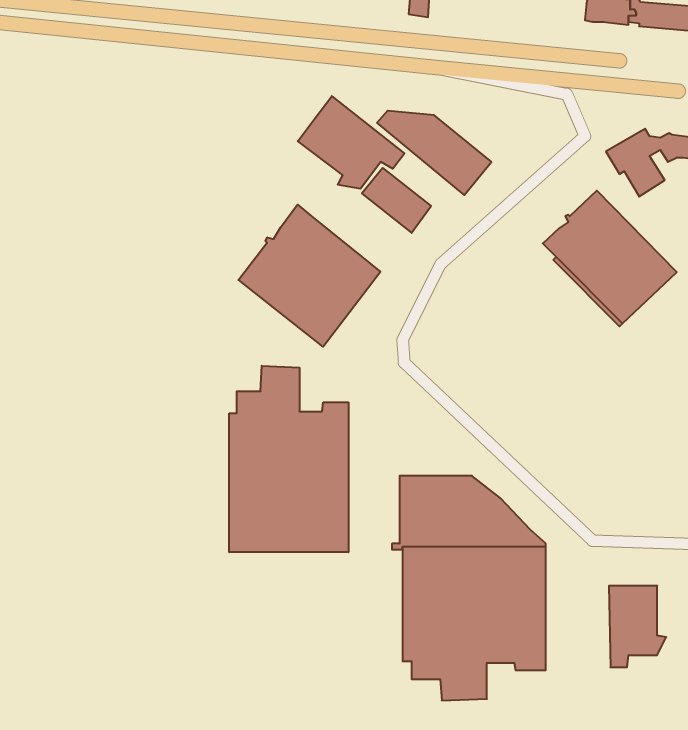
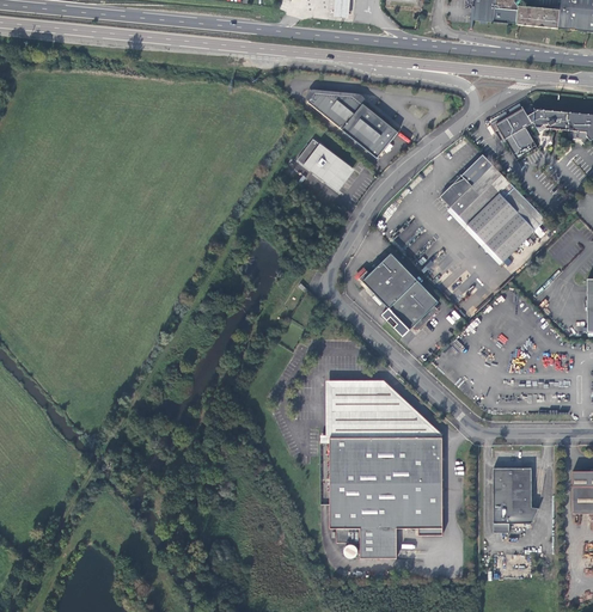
building: [298,96,404,189] -> none
building: [238,205,380,347] -> none
building: none -> [359,252,436,328]
building: [229,366,348,552] -> none

